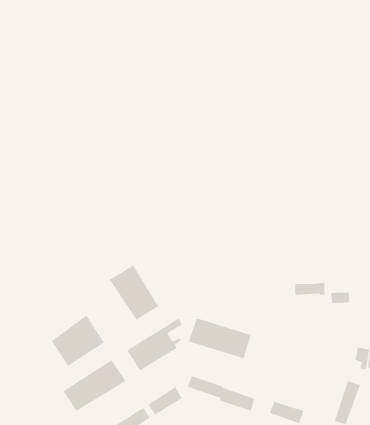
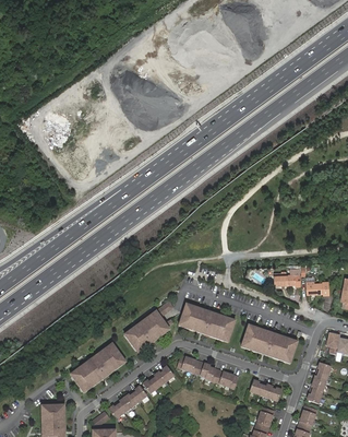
building: [109,265,159,321] -> none
building: [51,315,105,367] -> none
building: none -> [242,324,299,362]

